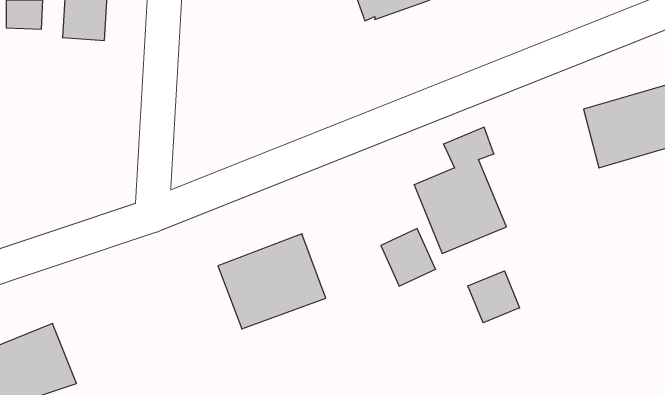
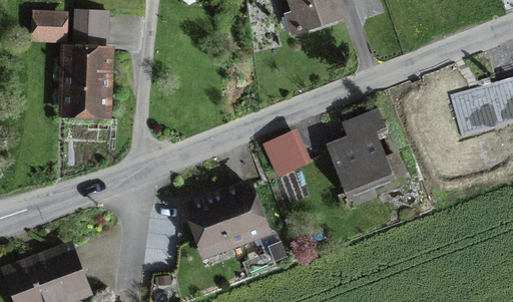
building: none -> [65,48,106,111]
building: [381,229,436,286] -> [267,132,306,174]
building: [468,271,520,323] -> none

